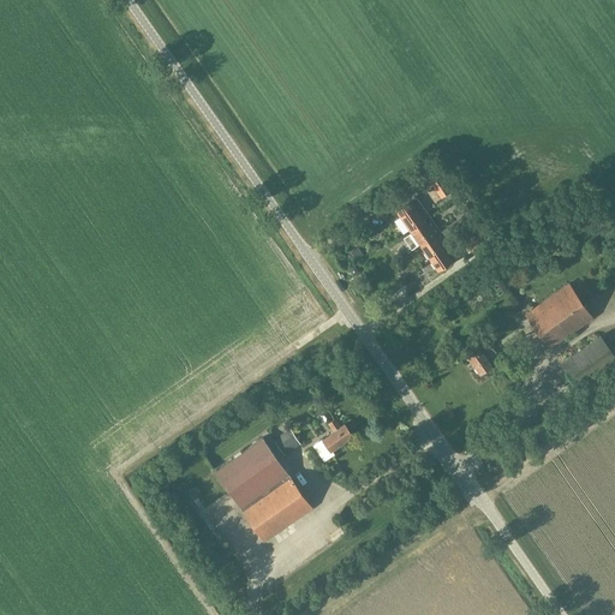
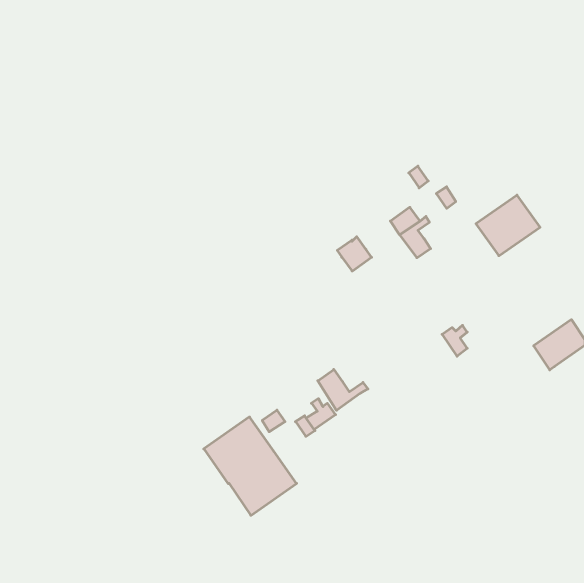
building: [395,198,431,234] -> [337,237,372,271]
building: [525,286,592,350] -> [476,195,540,256]
building: none -> [318,369,368,410]

